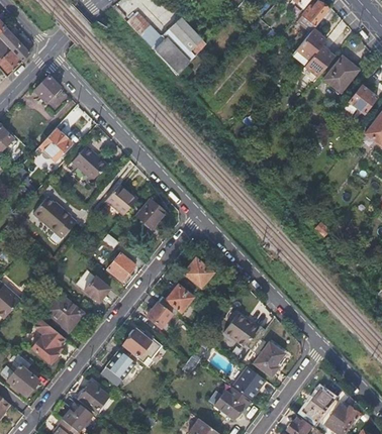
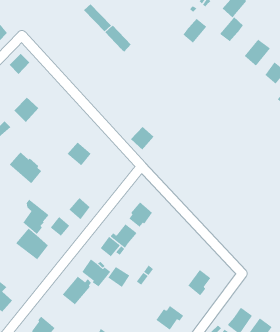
building: [167,17,203,57] -> none
building: [302,46,332,78] -> [183,18,207,43]
building: [73,146,107,181] -> none
building: [136,199,167,229] -> [130,126,155,151]
building: [223,313,257,346] -> none
building: [31,318,65,362] -> [22,199,49,235]
building: none -> [107,266,130,288]
building: [231,366,265,401] -> none
building: [77,383,108,413] -> none

